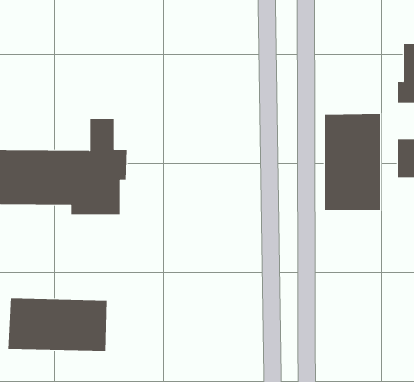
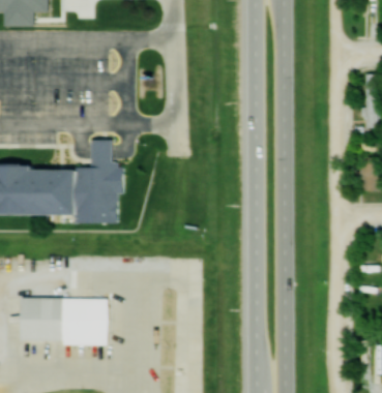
building: [324,113,380,211] -> none

